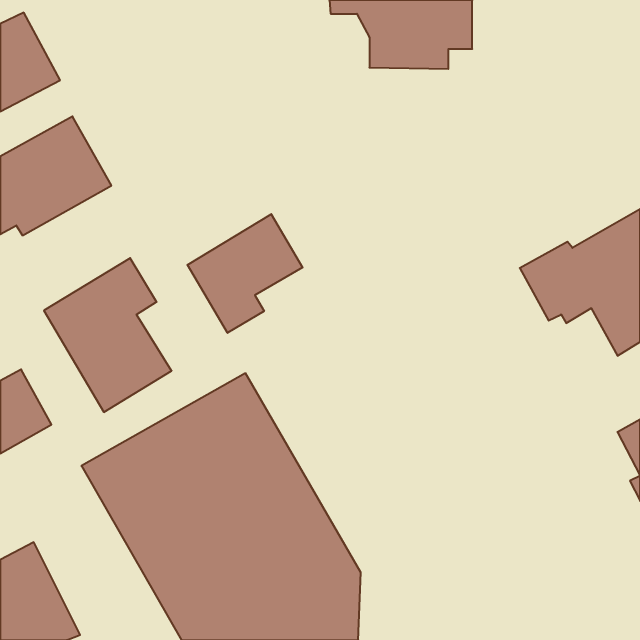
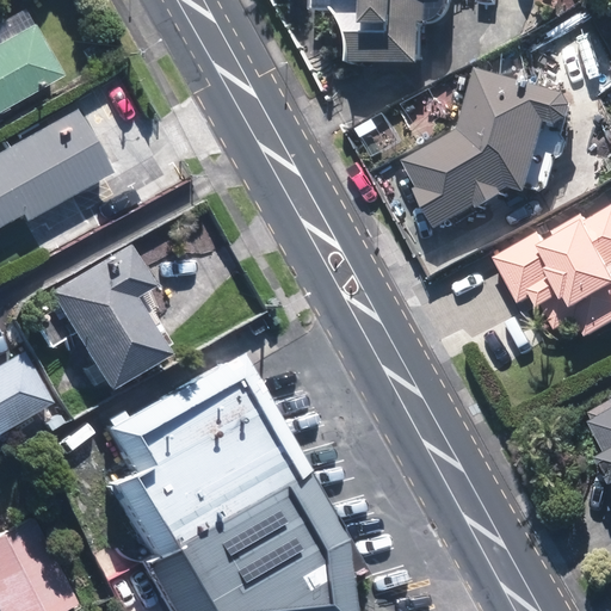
building: none -> [403,69,579,232]
building: [187,214,303,333] -> none

